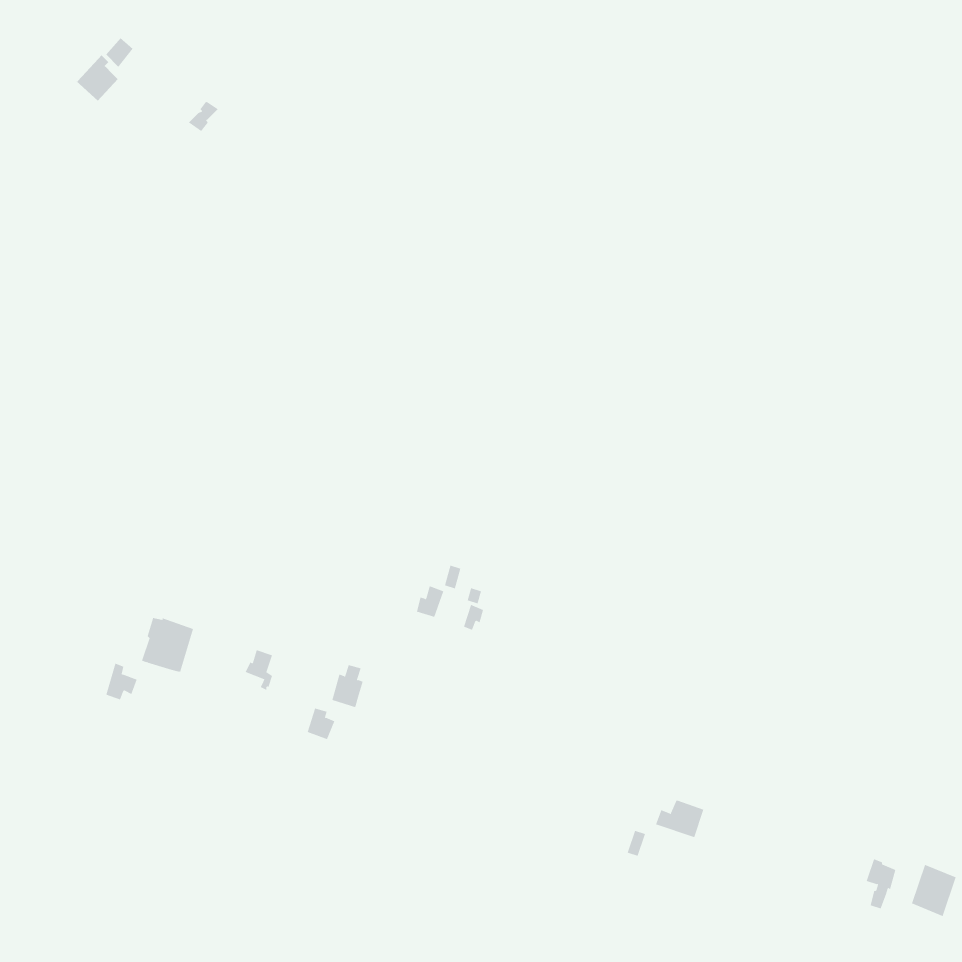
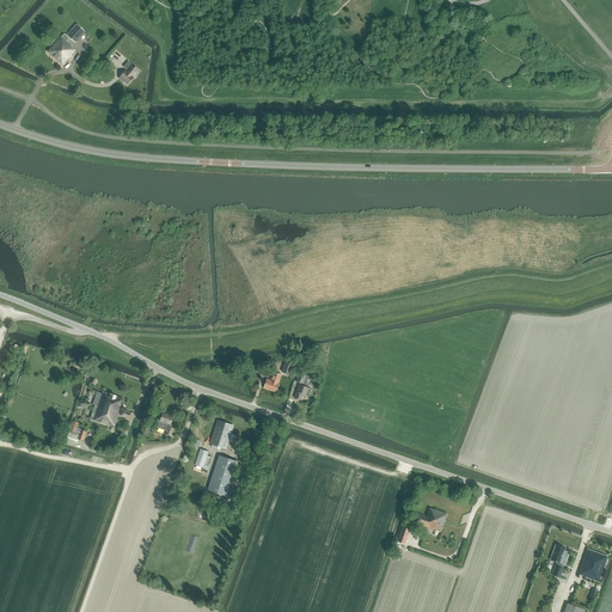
building: none -> [208,455,238,498]

